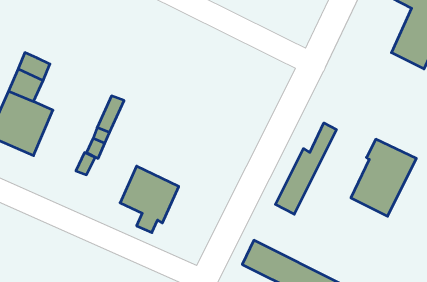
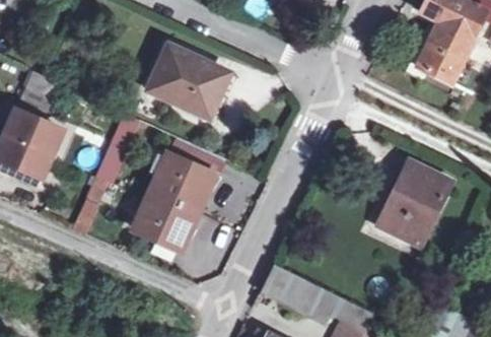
building: none -> [142,42,222,114]
building: [275,123,336,214] -> none
building: none -> [152,153,213,211]

